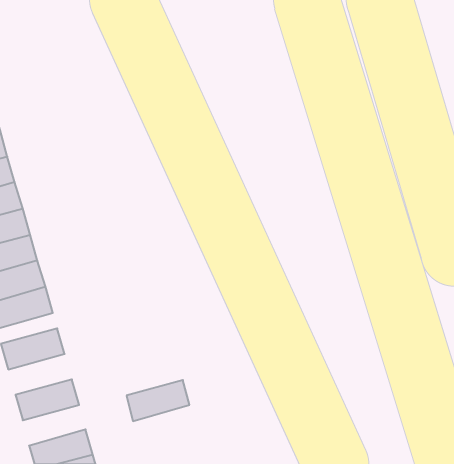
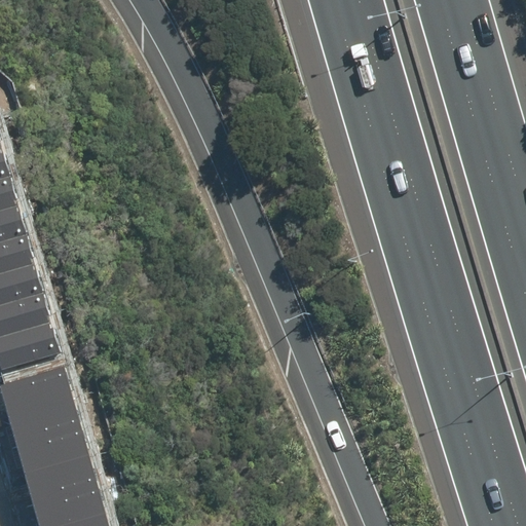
building: none -> [9,400,81,446]
building: [127,380,189,421] -> [26,457,97,503]

